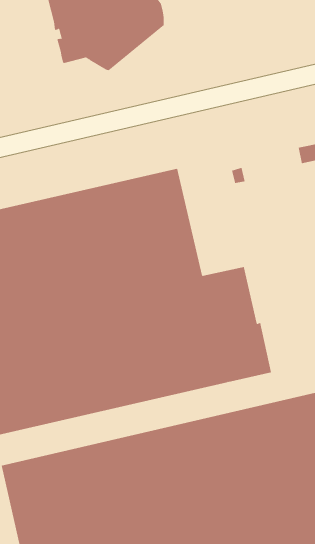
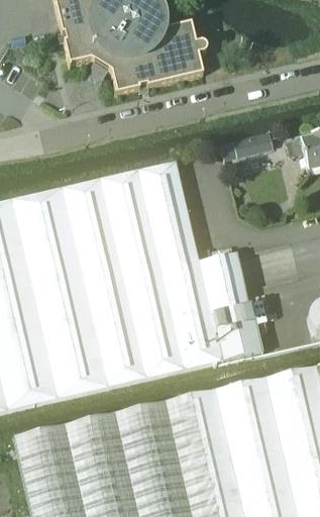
building: none -> [111,23,206,95]
building: none -> [233,131,272,156]

